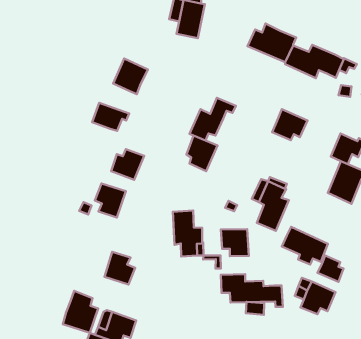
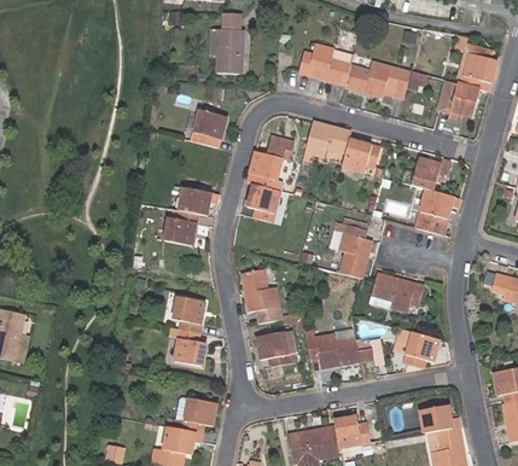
building: [113,59,148,94] -> [191,110,228,148]
building: none -> [304,121,351,157]
building: [92,103,129,131] -> [177,187,219,216]
building: [95,184,126,217] -> [173,297,206,333]
building: [221,229,249,256] -> [255,332,291,366]
building: [318,256,344,282] -> none
building: [63,291,98,333] -> none

